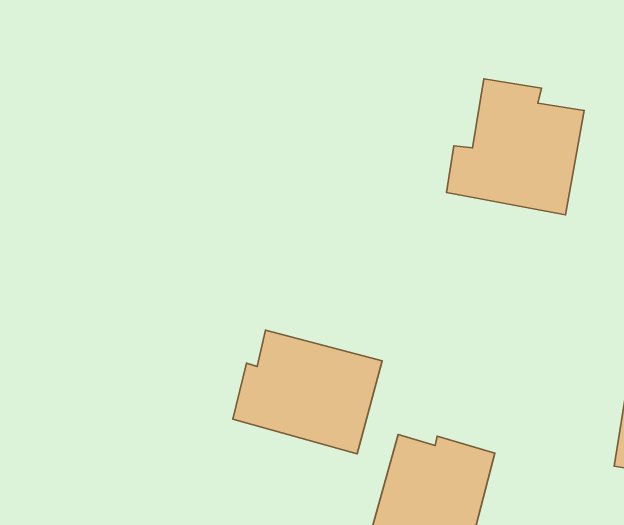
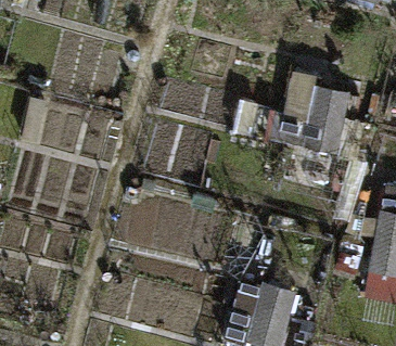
building: [233,330,382,454] -> none

